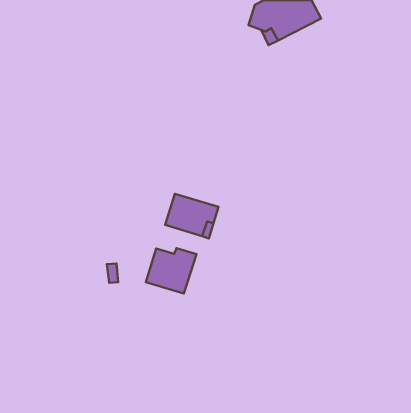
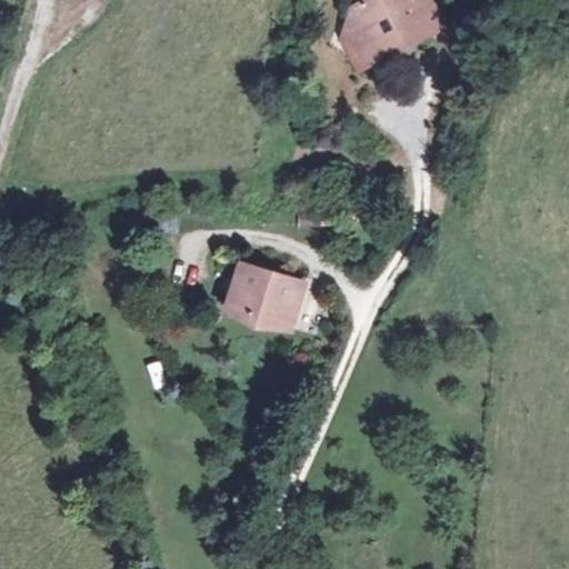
building: [146,248,196,294] -> none

